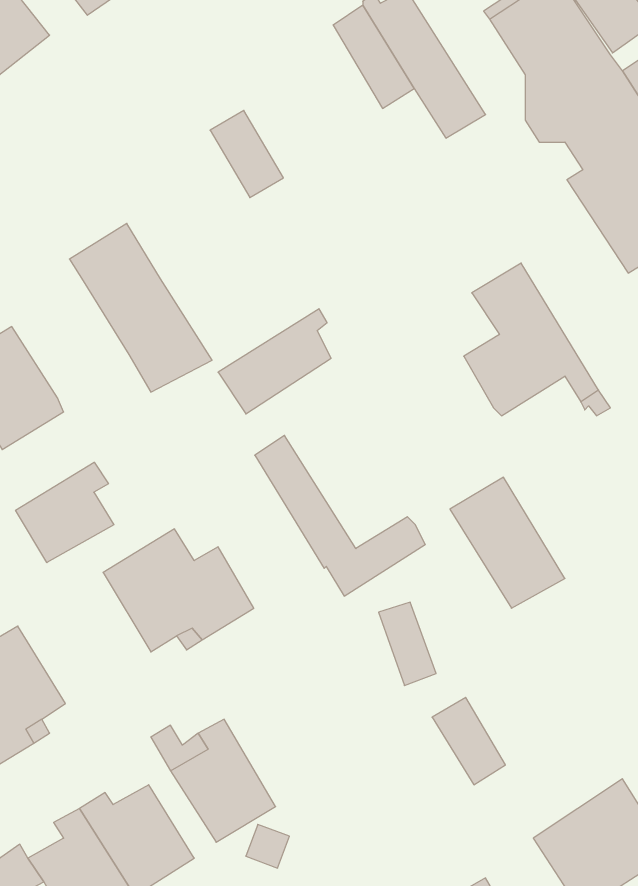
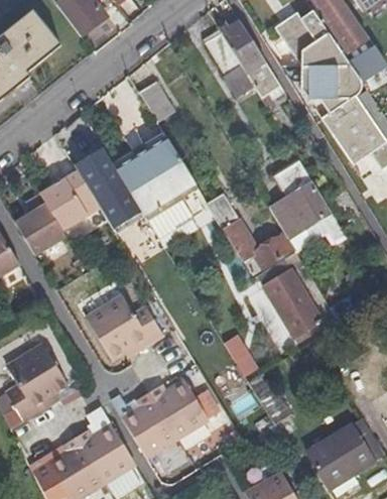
building: none -> [116,135,197,216]
building: none -> [40,169,100,229]
building: [255,435,425,596] -> [208,193,294,274]
building: [16,462,114,563] -> none
building: none -> [148,380,207,436]

